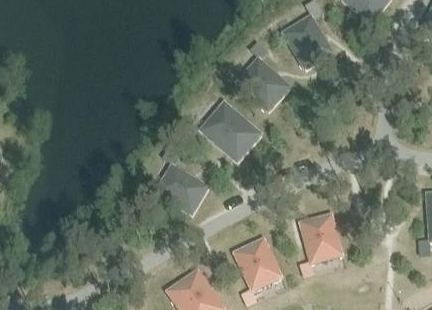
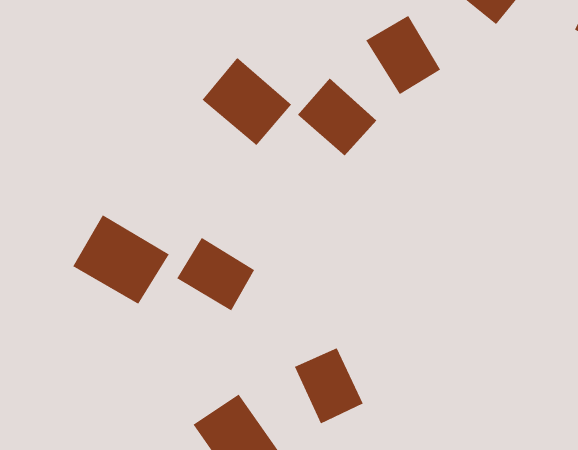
building: [200,101,261,161] -> [201,57,292,146]
building: none -> [72,214,170,305]
building: [300,213,342,263] -> none

